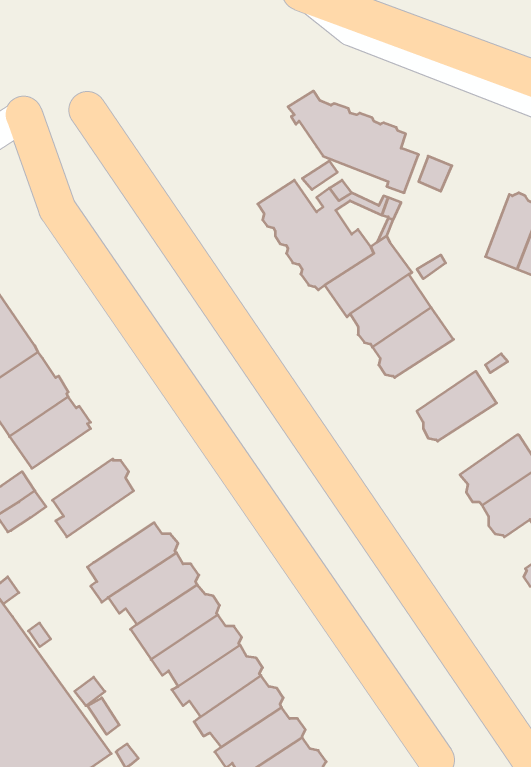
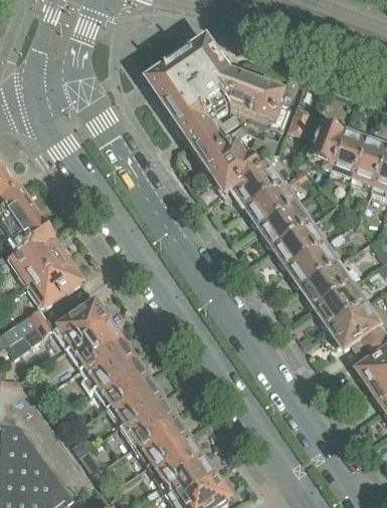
building: none -> [147,40,224,138]
building: none -> [308,121,346,171]
building: none -> [273,223,325,268]
building: none -> [301,263,351,308]
building: none -> [66,318,123,363]

